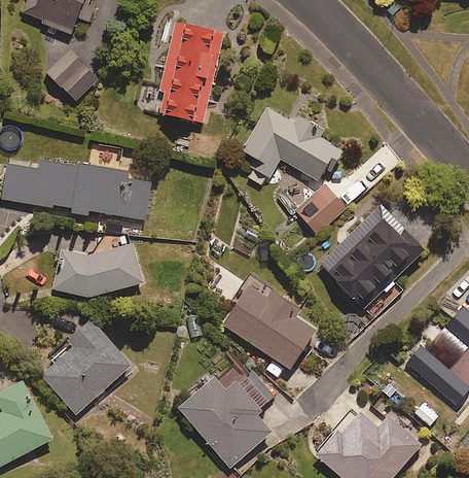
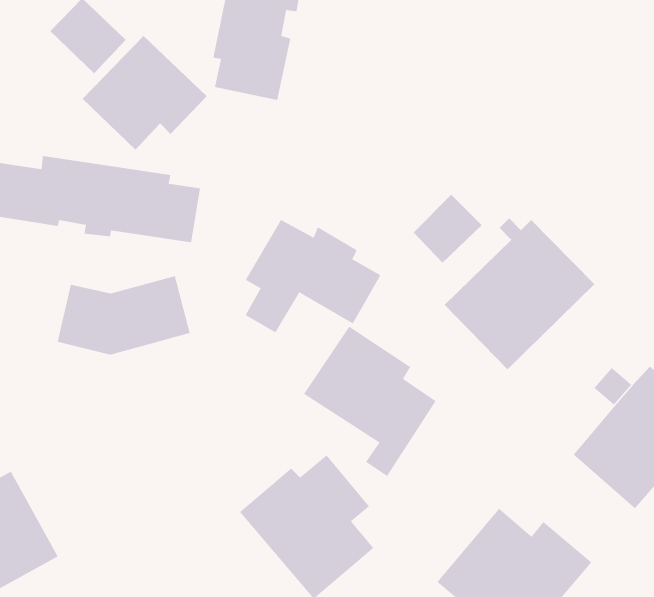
building: none -> [82,35,207,150]
building: [243,108,337,187] -> [245,219,381,333]
building: [39,316,132,414] -> none

